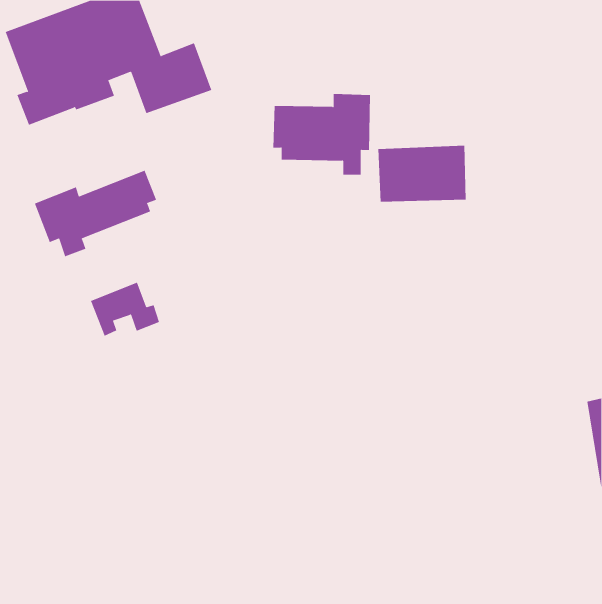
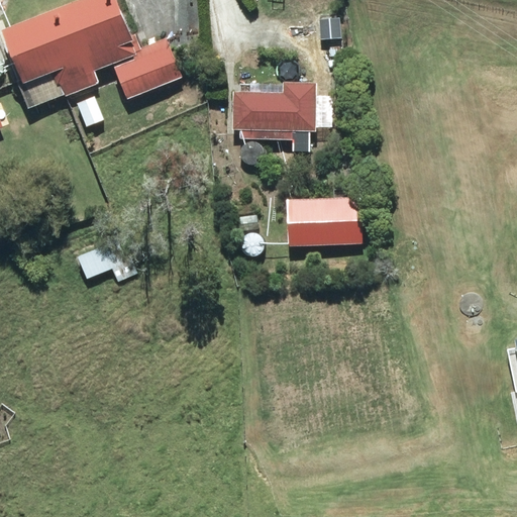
building: [378,145,466,202] -> [286,197,361,245]
building: [34,170,157,257] -> none

